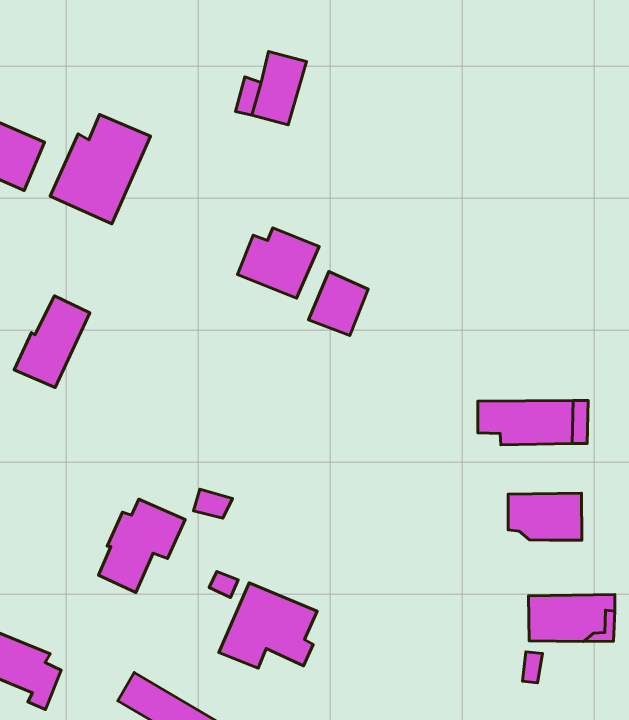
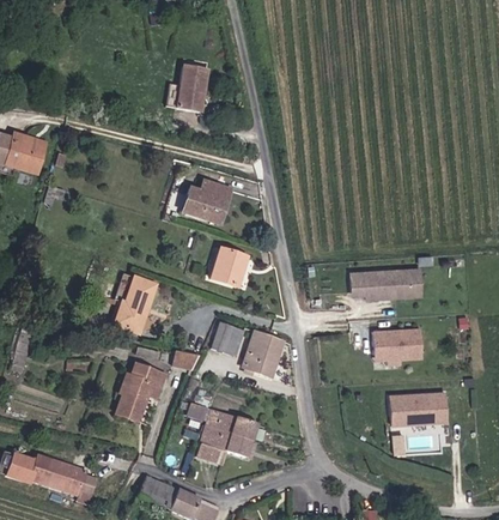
building: [50,114,150,224] -> none
building: [309,271,368,336] -> [211,247,247,286]
building: [14,296,90,388] -> [114,276,158,334]
building: none -> [212,322,245,356]
building: none -> [243,329,284,377]

